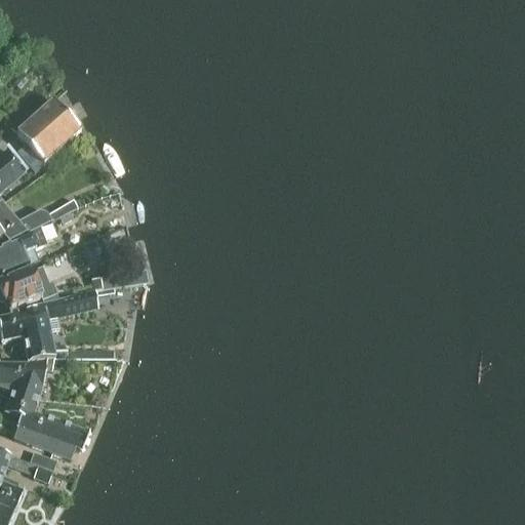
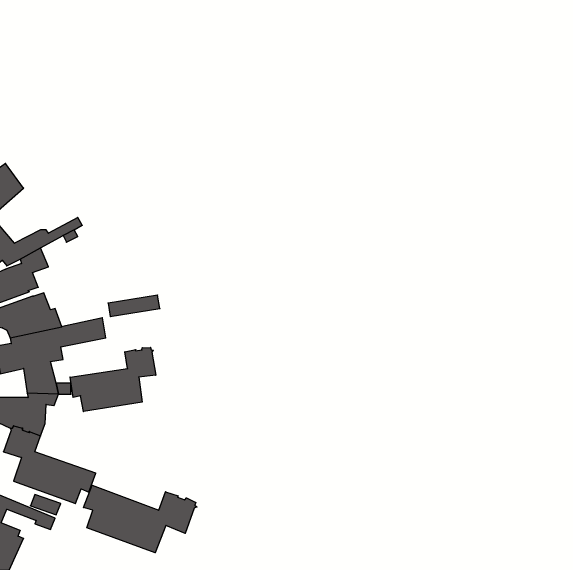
building: [14,99,79,170] -> none
building: none -> [70,347,156,412]
building: none -> [84,485,197,553]

